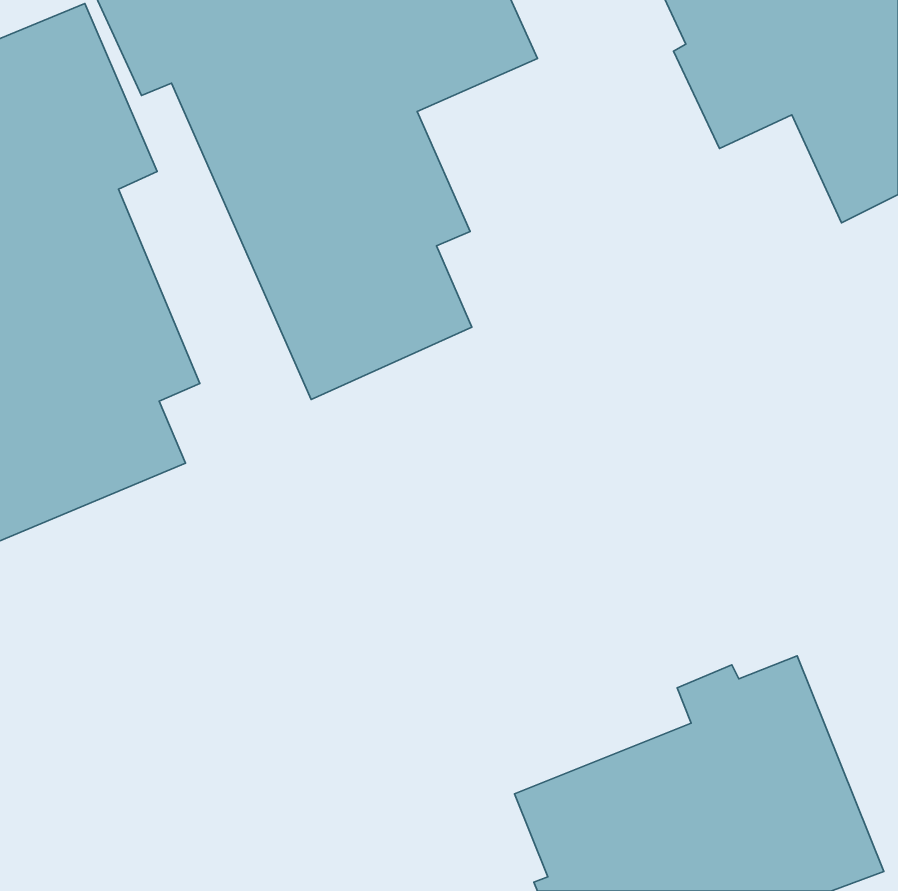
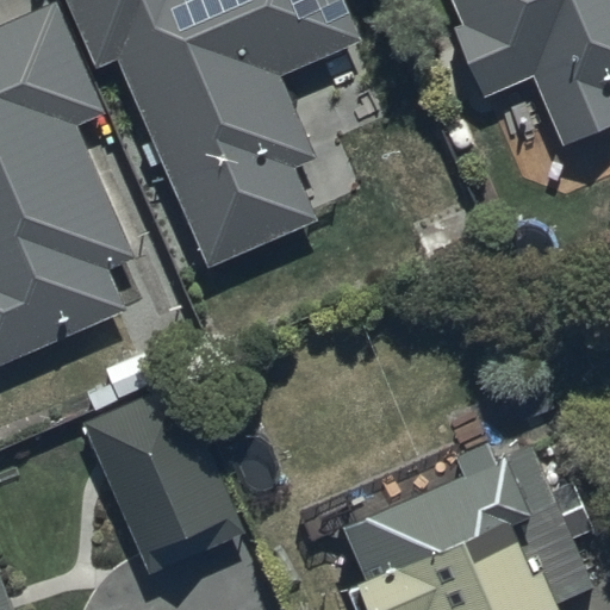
building: none -> [81,379,245,577]

